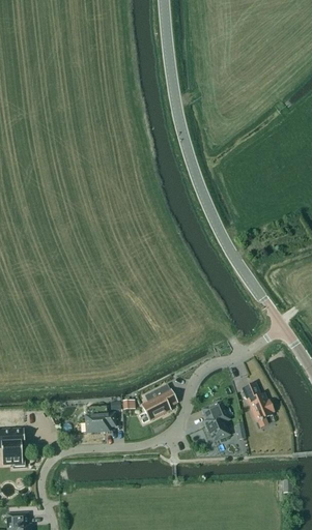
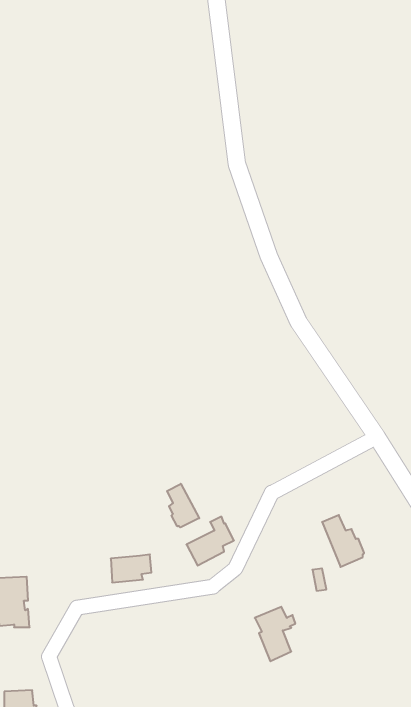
building: none -> [167,484,199,527]
building: [200,402,230,442] -> [255,607,295,661]

